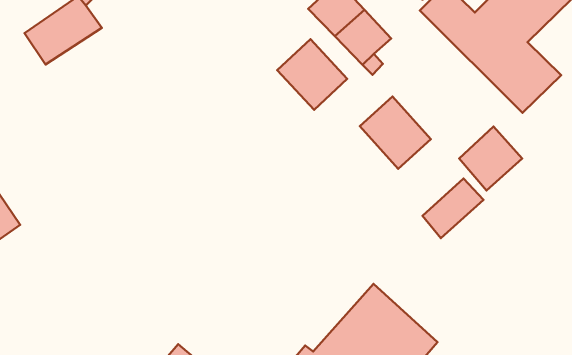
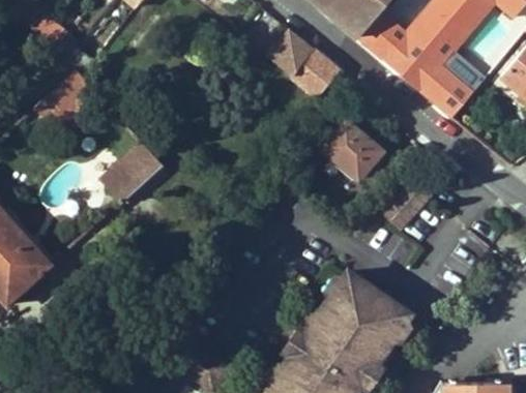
building: [277,39,347,110] -> none
building: none -> [101,141,164,201]
building: [459,126,522,190] -> none

